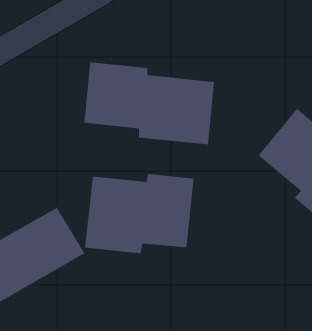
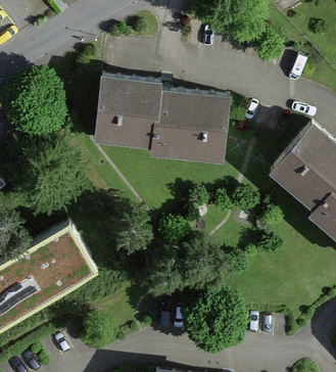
building: [84,173,195,254] -> none

